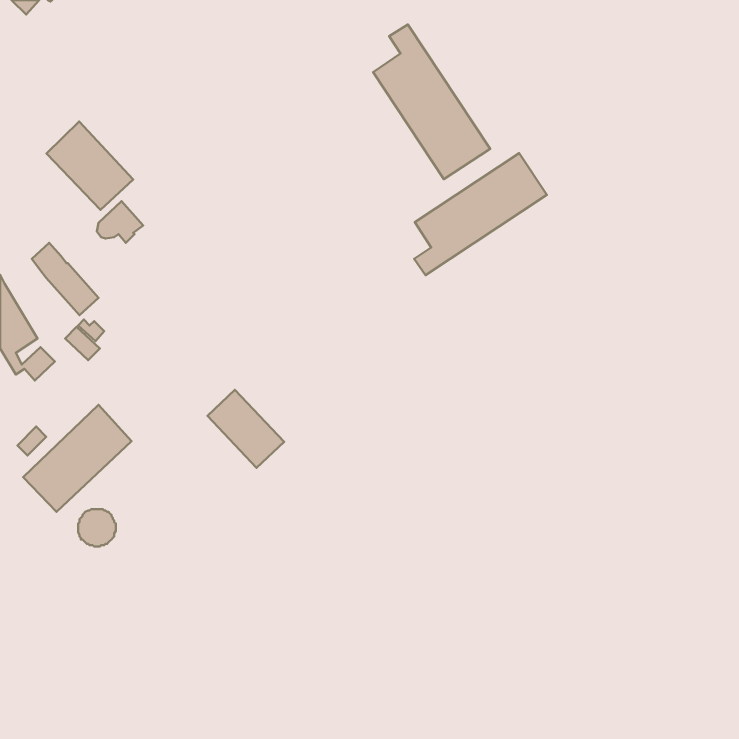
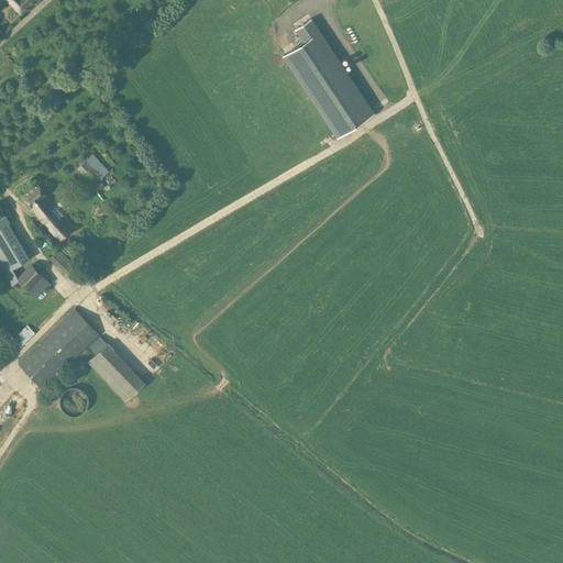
building: [46,122,133,210] -> none
building: [414,153,547,275] -> none
building: [207,390,284,468] -> [87,342,145,401]

